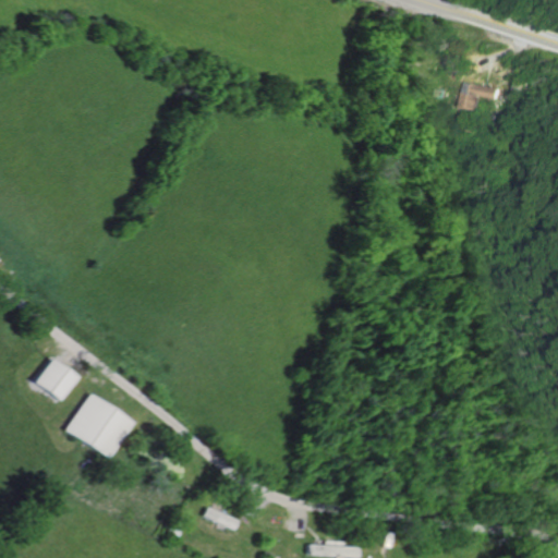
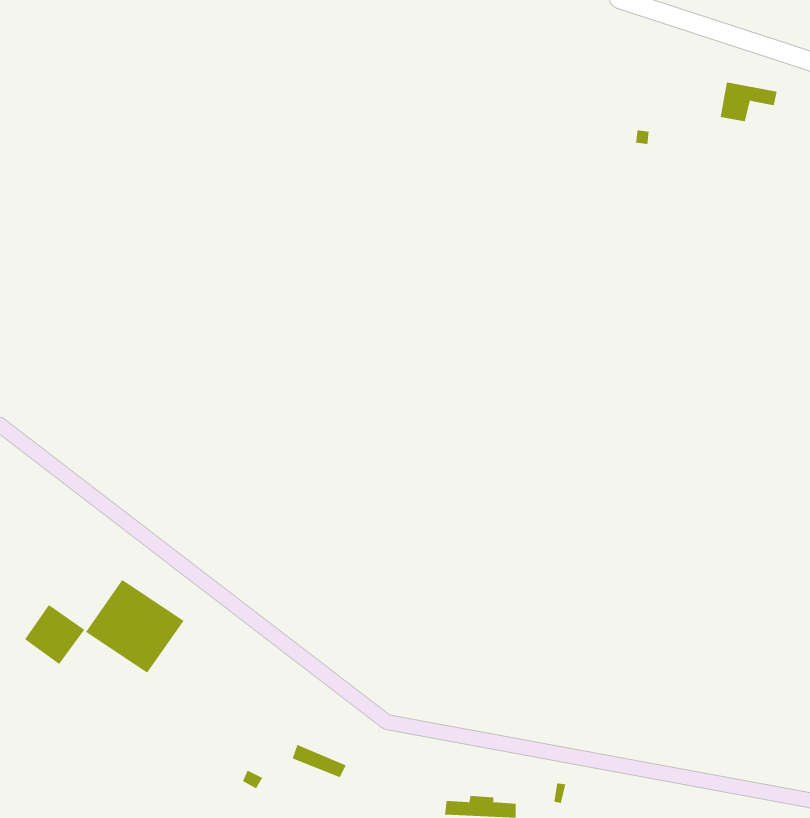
building: [462,82,501,109] -> [720,82,778,122]
building: [37,357,78,399] -> [24,604,85,665]

